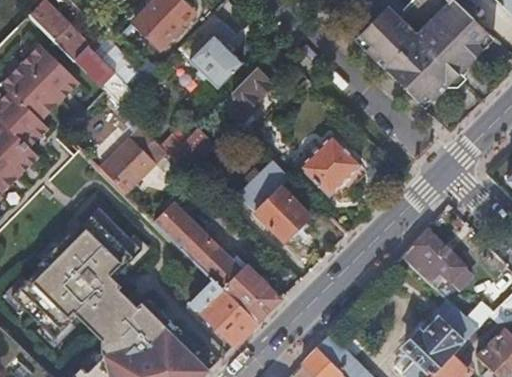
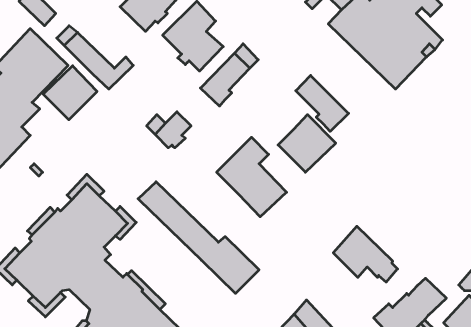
building: [448,19,494,56] -> none
building: none -> [296,75,349,131]
building: [98,139,155,196] -> [43,66,97,120]
building: [404,227,472,286] -> [333,226,398,282]
building: [198,289,257,347] -> none

